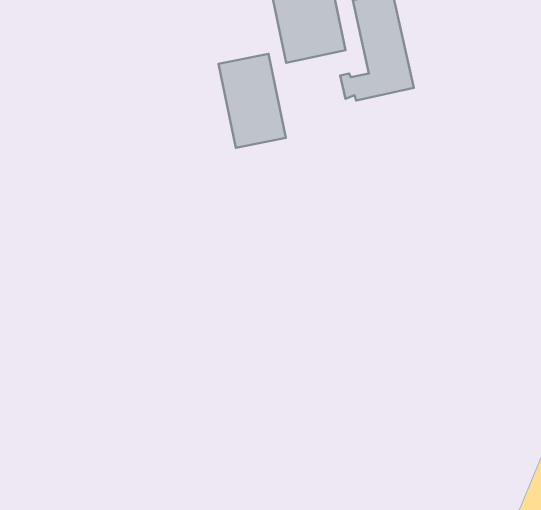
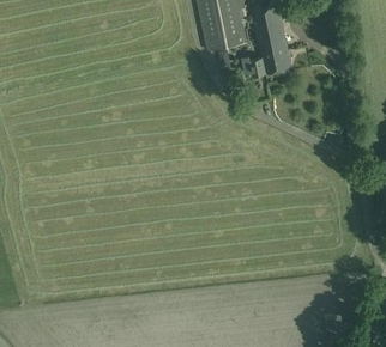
building: [219,54,286,148] -> none

